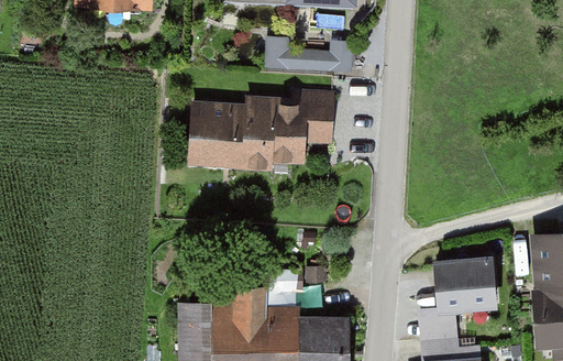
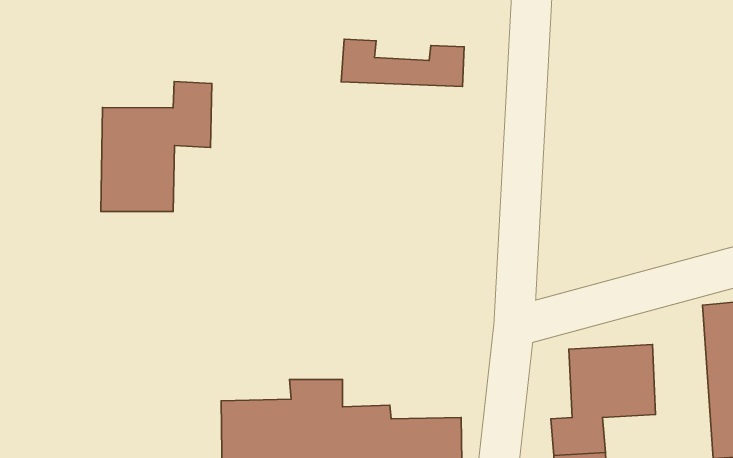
building: none -> [101,81,212,212]
building: [189,89,338,169] -> none

